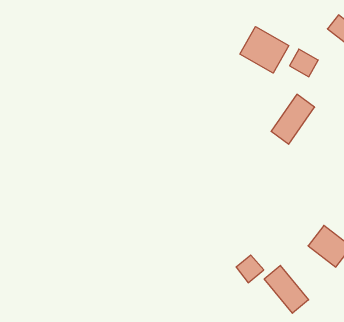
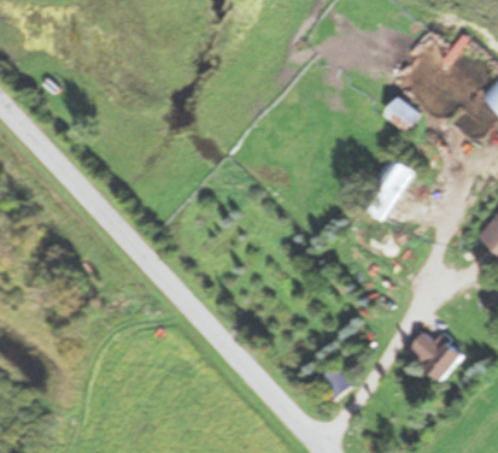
building: [240,27,289,73] -> none
building: [264,265,309,313] -> none

